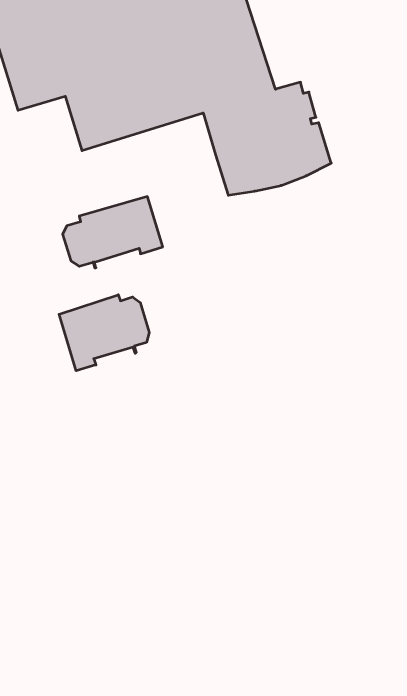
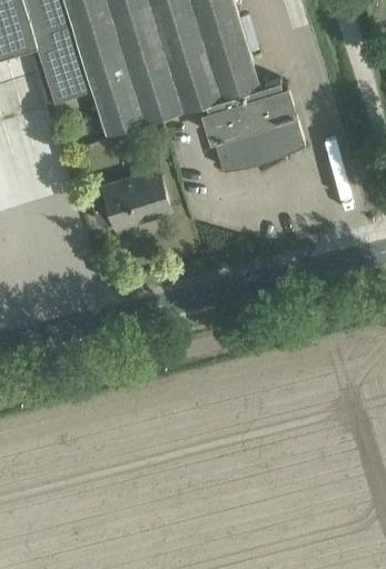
building: [59,295,149,371] -> none

